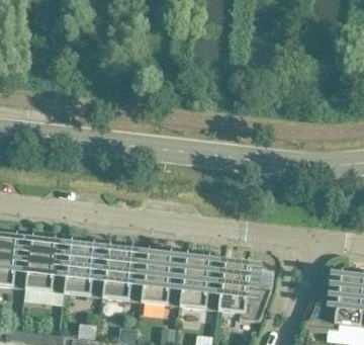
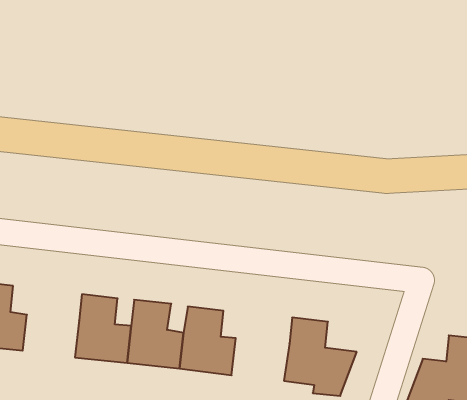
building: [23,241,67,300] -> none
building: [179,258,221,309] -> none

